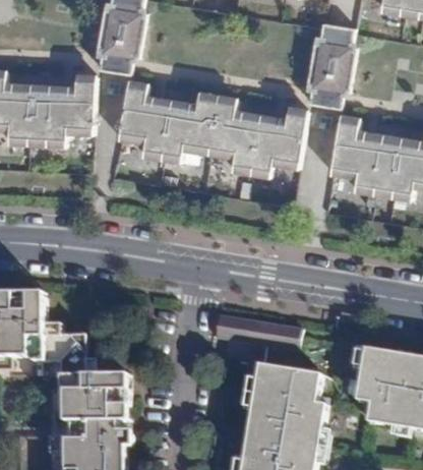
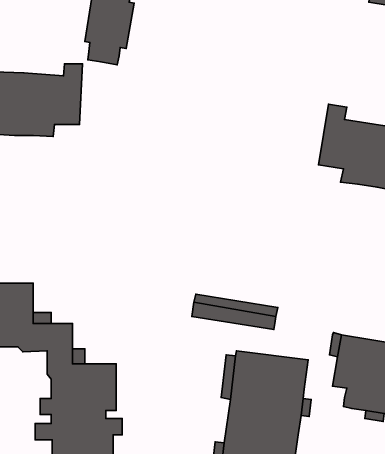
building: [307,22,356,108] -> none
building: [119,79,307,178] -> none

